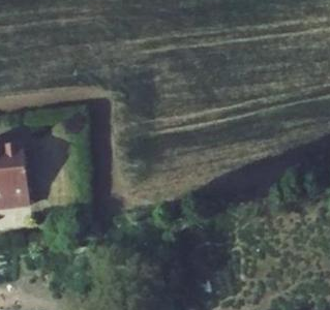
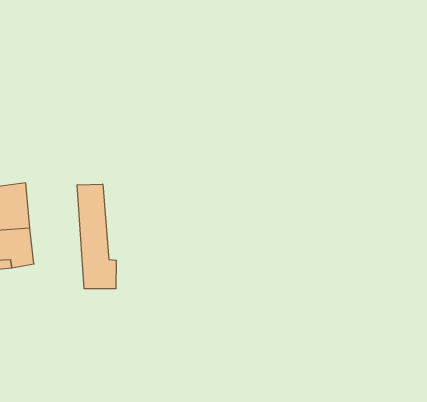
building: none -> [77,184,116,289]

